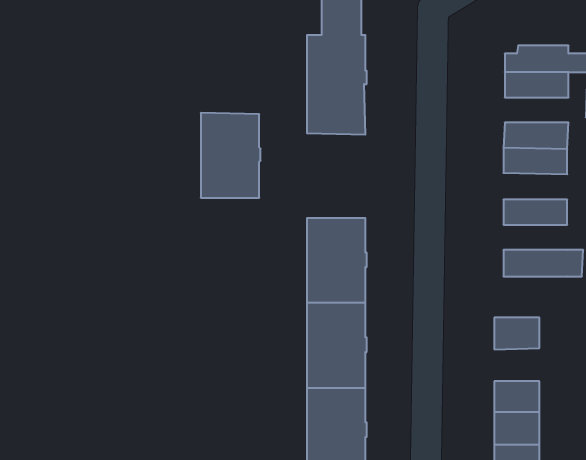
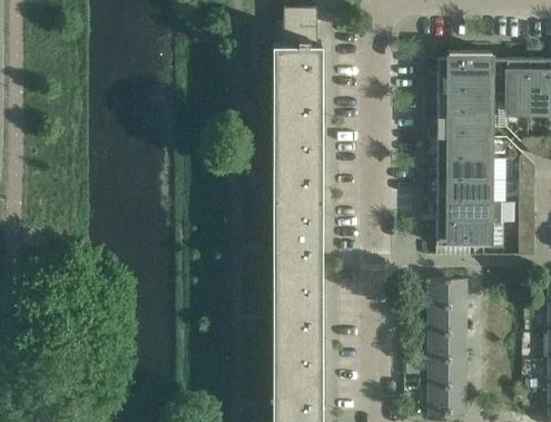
building: none -> [439,96,492,117]
building: [201,113,261,198] -> [273,126,323,197]
building: none -> [437,159,491,181]
building: none -> [437,203,501,224]
building: none -> [430,306,468,334]

